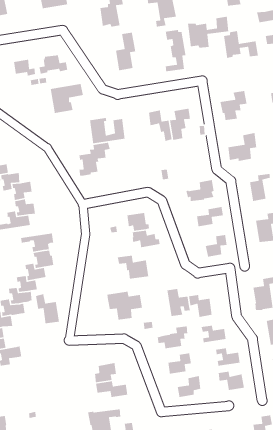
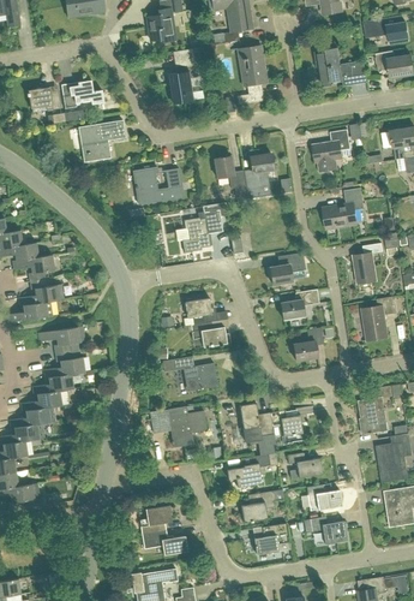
building: [187,16,229,49] -> none
building: [78,142,111,177] -> [182,203,227,251]
building: [35,293,60,324] -> none

